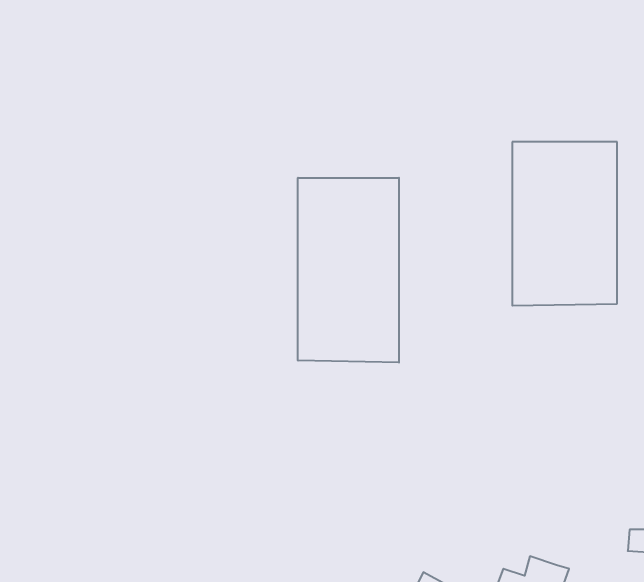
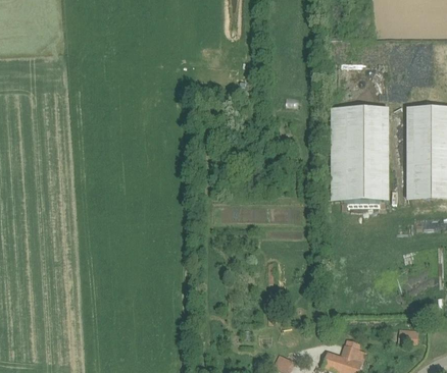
building: [298,178,399,363] -> none

